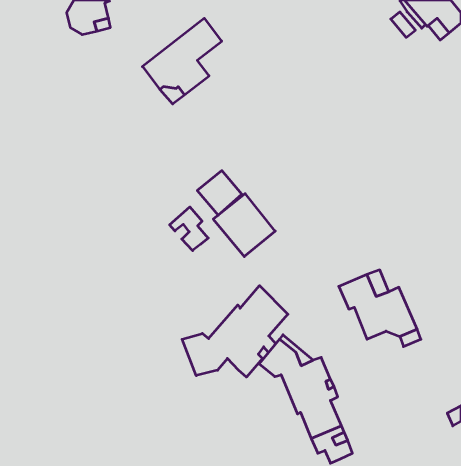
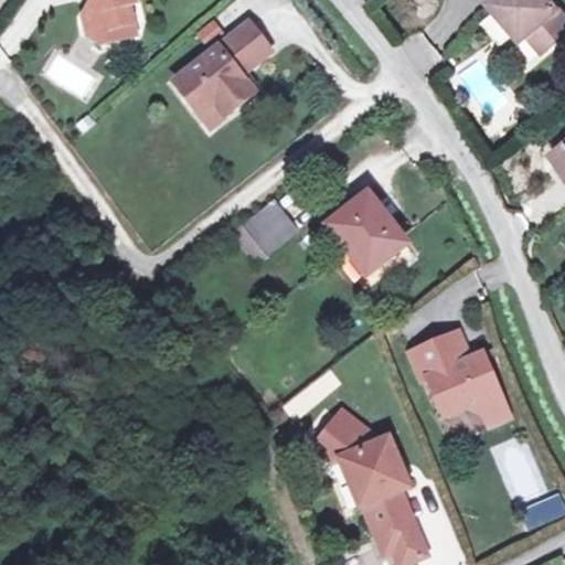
building: [213,194,275,257] -> [324,198,399,274]
building: [170,207,208,251] -> none
building: [182,286,288,377] -> none

